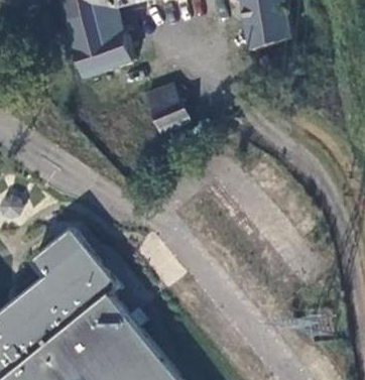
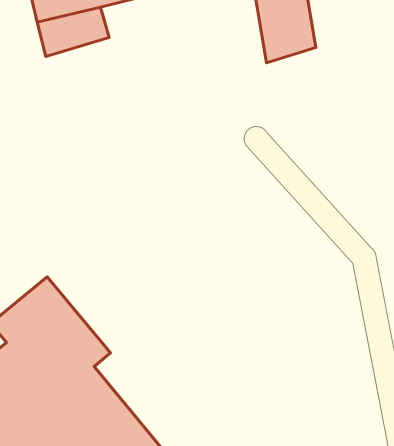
building: [73,31,132,80] -> none
building: [143,84,190,133] -> none

